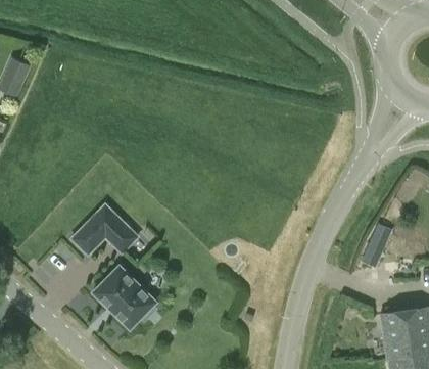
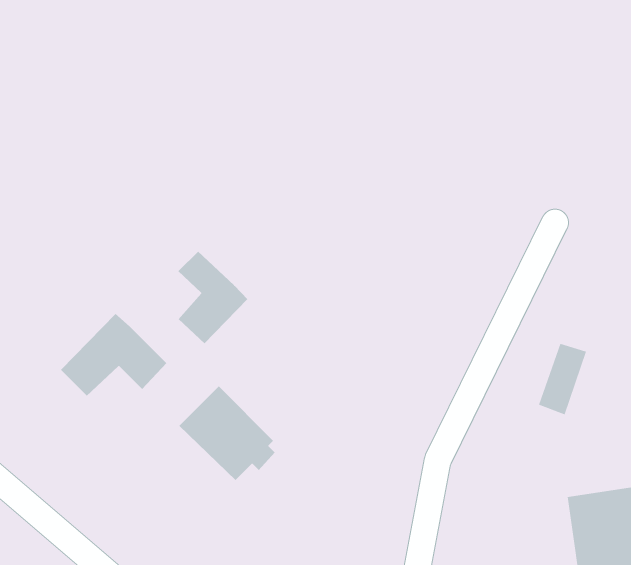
building: none -> [178,251,248,344]
building: [94,268,153,326] -> [179,386,276,481]

